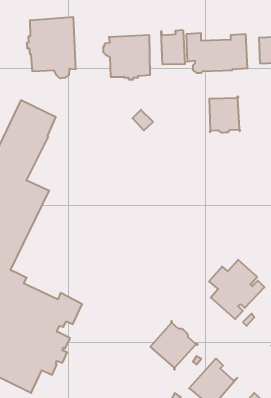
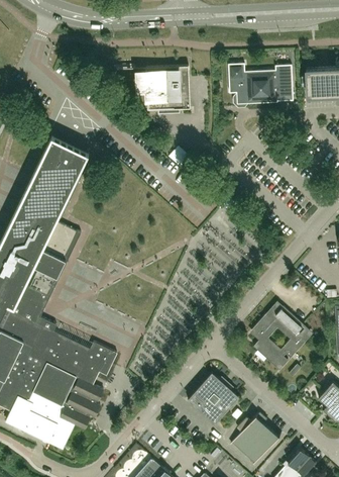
building: [27,17,76,78] -> none
building: [161,30,185,64] -> none
building: [209,96,240,133] -> none

